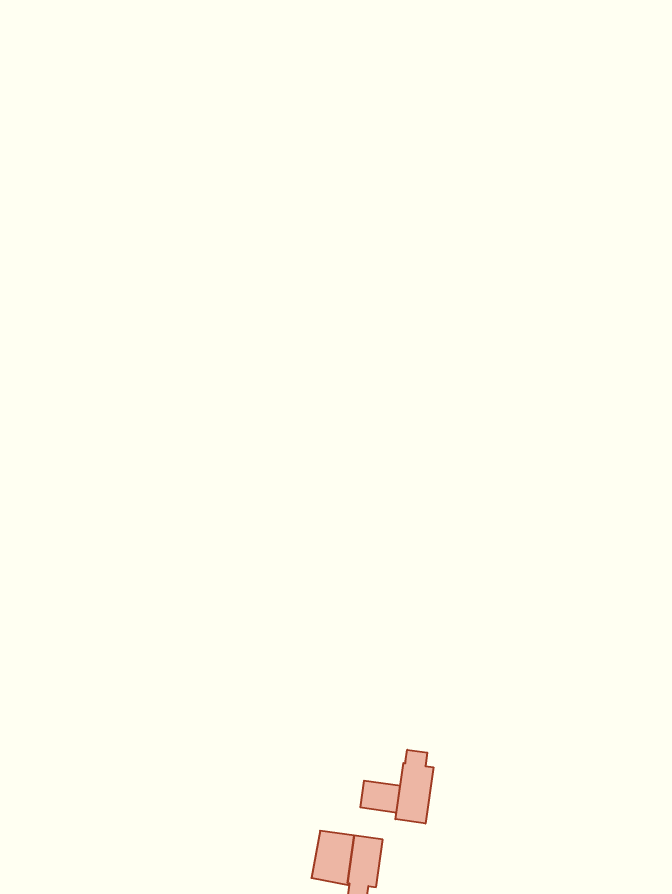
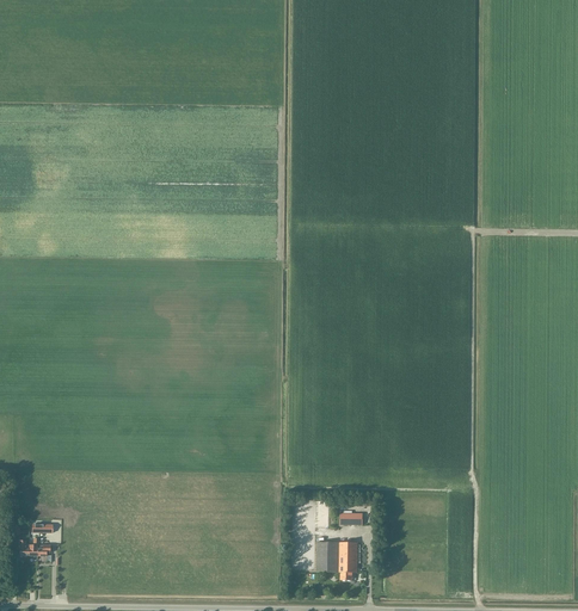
building: [395,750,433,824] -> none

